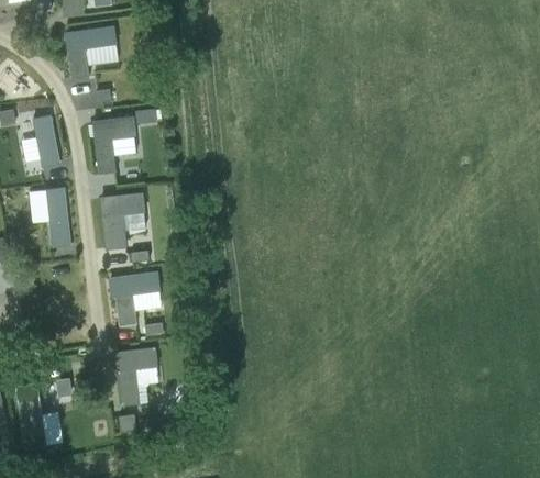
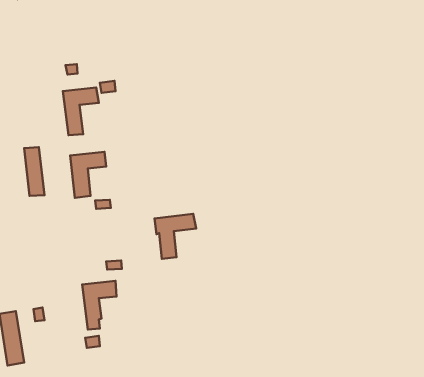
building: [66,26,119,79] -> none
building: [33,115,59,166] -> none
building: [110,273,159,326] -> [154,214,196,259]

